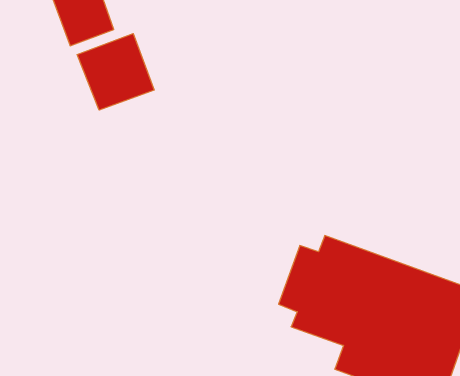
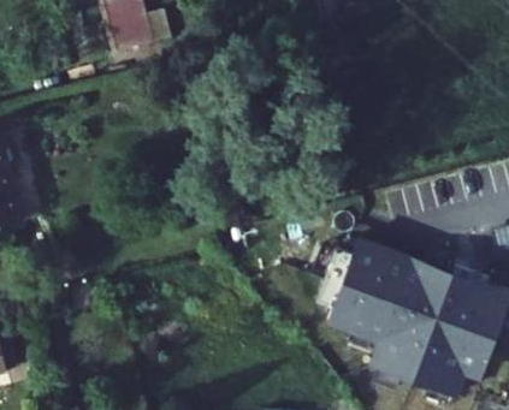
building: [77,34,154,110] -> none

